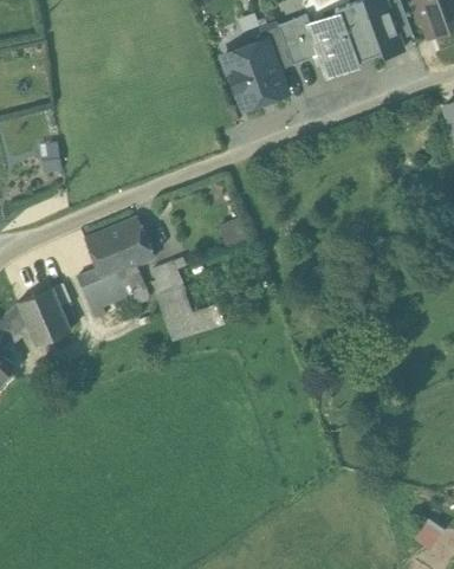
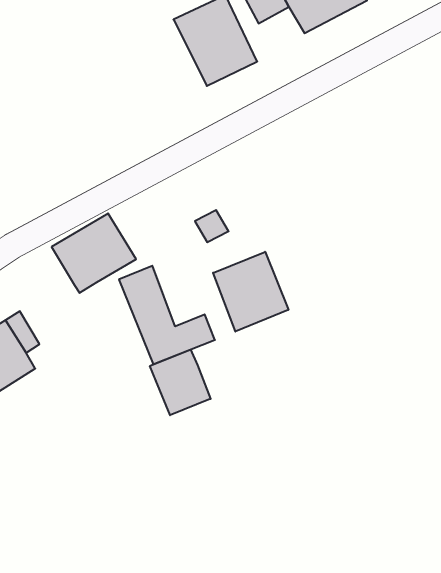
building: none -> [213,252,288,332]
building: [85,266,140,306] -> none
building: none -> [150,350,211,415]

